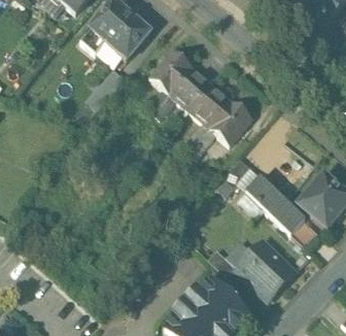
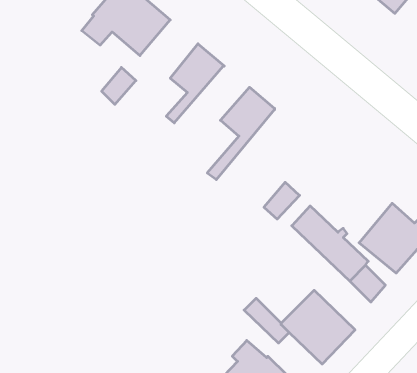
building: [153,65,212,115] -> none
building: [186,98,252,158] -> none

